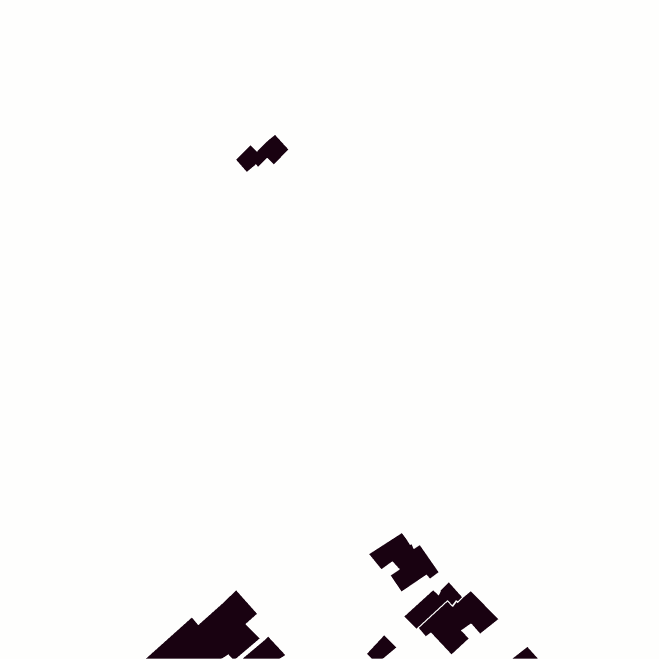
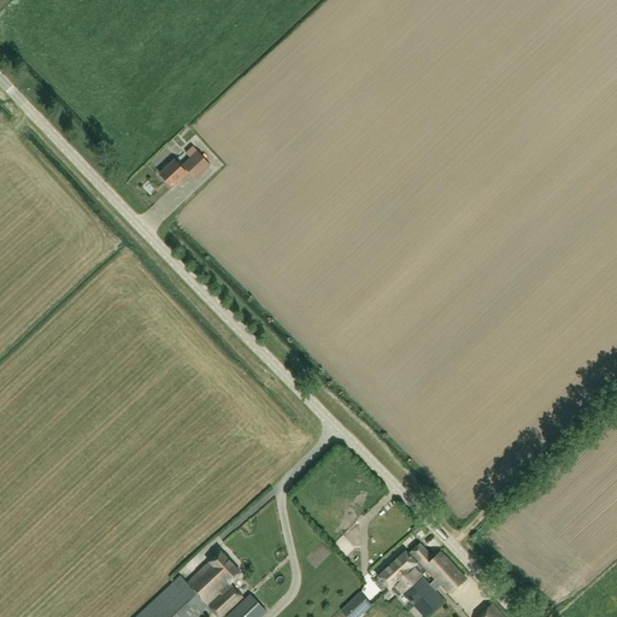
building: [235,134,289,173] -> [160,151,211,187]
building: [368,532,440,593] -> none

